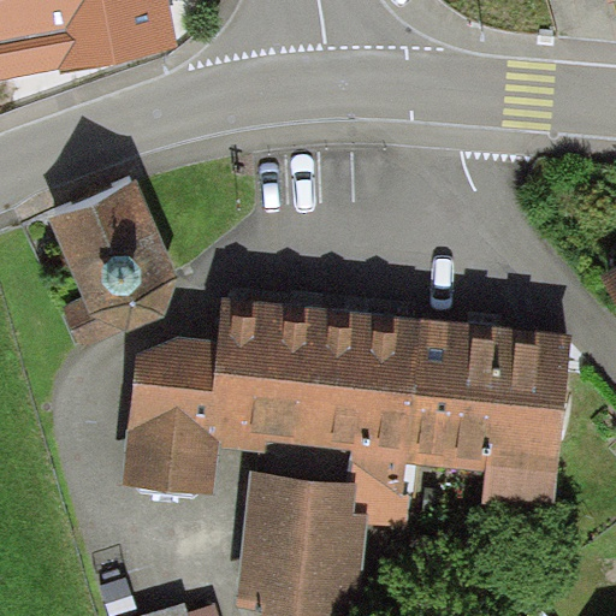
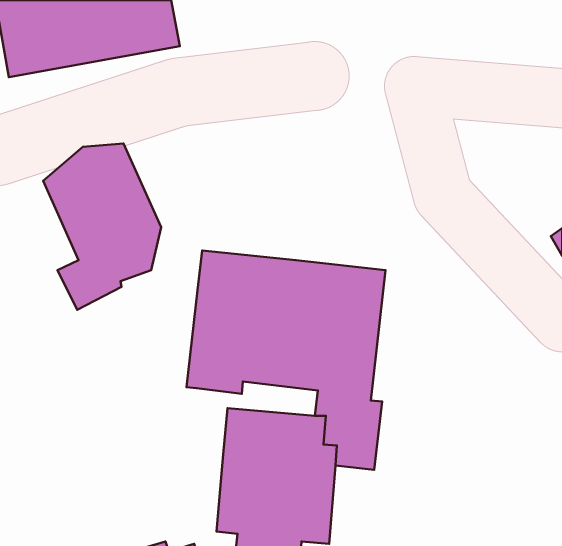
building: [404,314,569,507] -> none
building: [118,332,215,487] -> none

